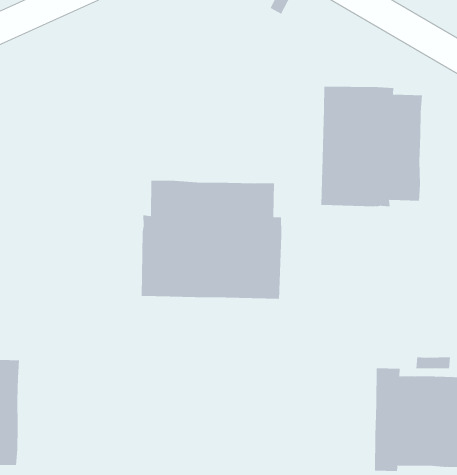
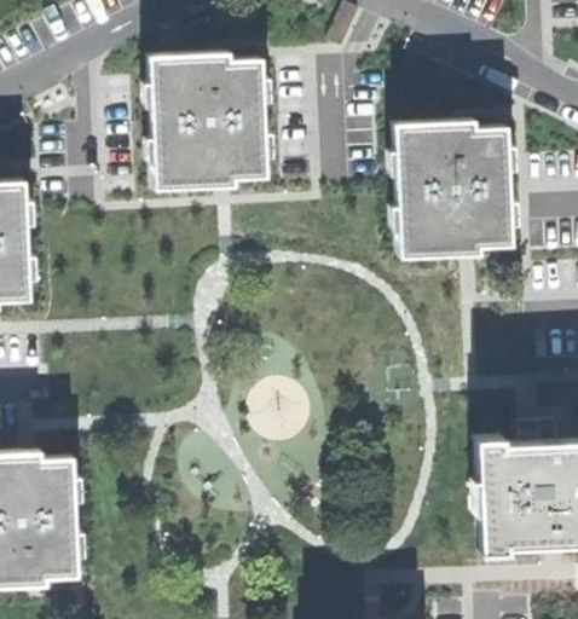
building: none -> [149,54,267,192]
building: [141,180,282,300] -> none

